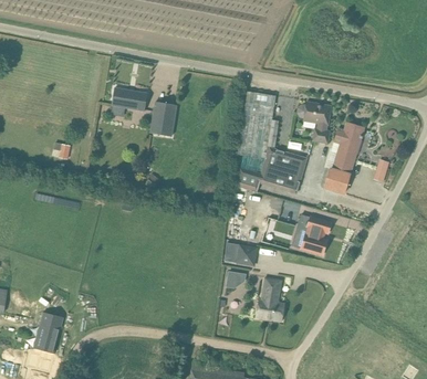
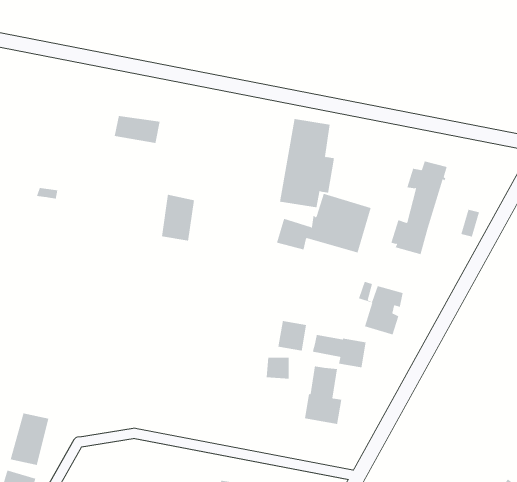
building: [150,101,176,136] -> [161,194,195,241]
building: [296,102,331,143] -> none
building: none -> [312,334,366,368]

